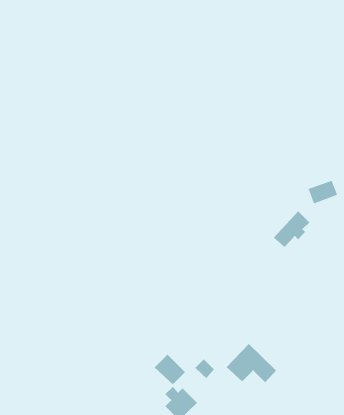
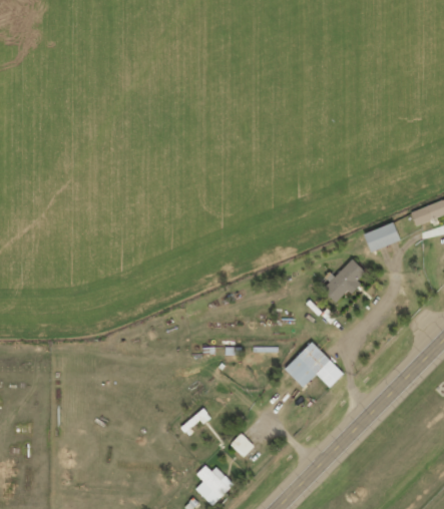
building: [226,343,277,383] -> [284,341,344,388]
building: [154,354,186,385] -> none

